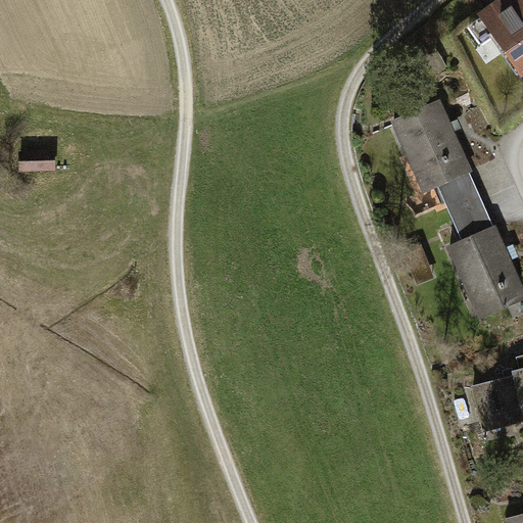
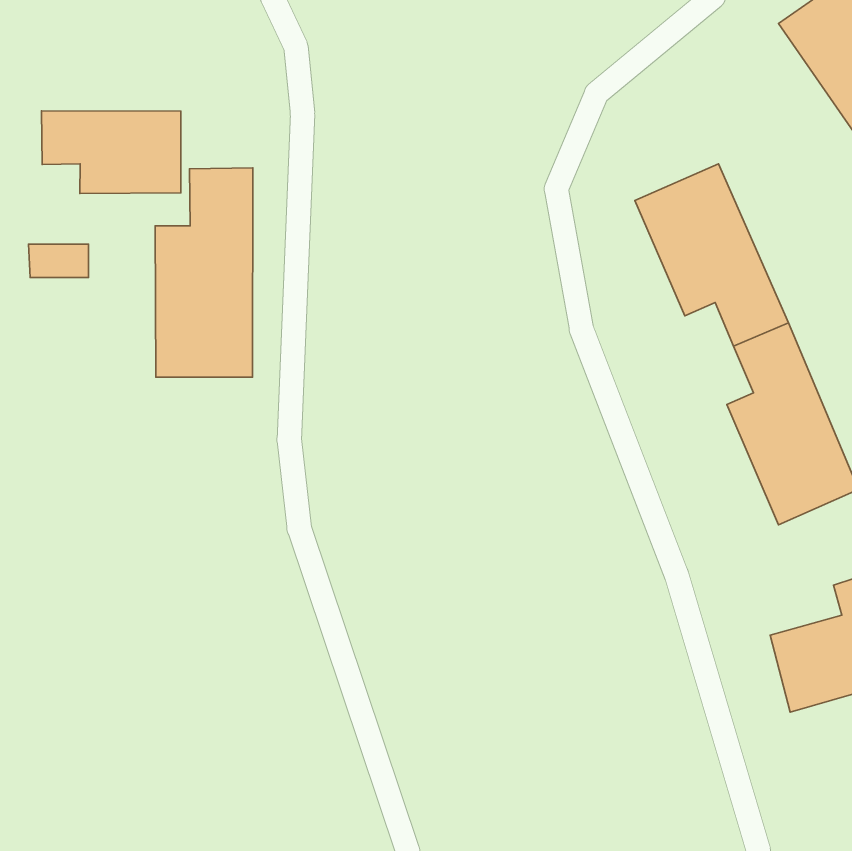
building: none -> [41,111,181,193]
building: none -> [155,168,253,377]

